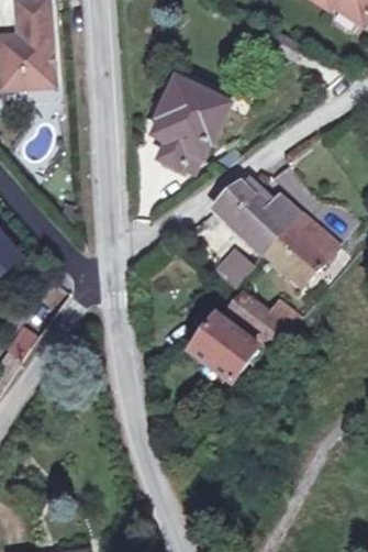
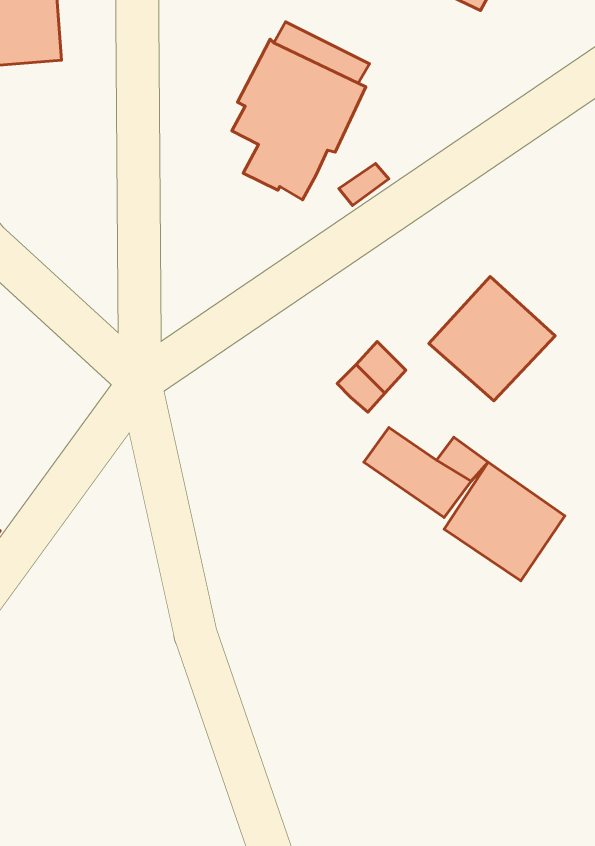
building: [218,179,302,249] -> none
building: [189,316,258,384] -> [444,462,565,581]

